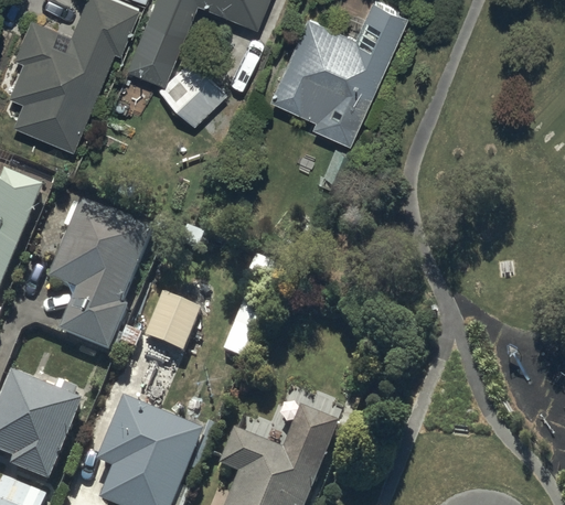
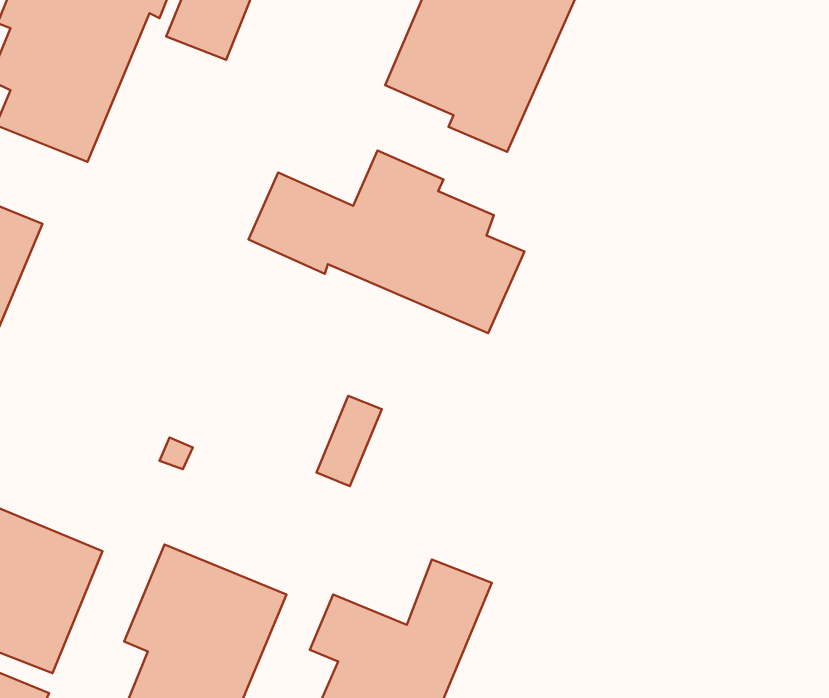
building: [158,57,225,125] -> none
building: none -> [248,150,524,333]
building: [47,204,151,355] -> none
building: [143,298,200,356] -> none

